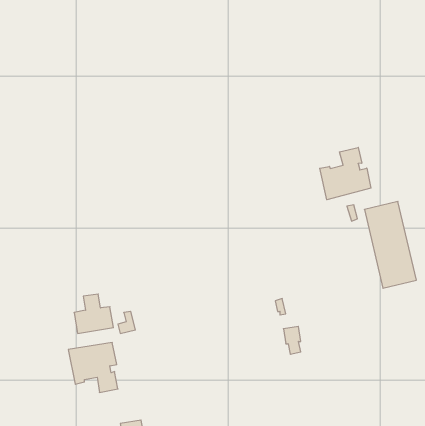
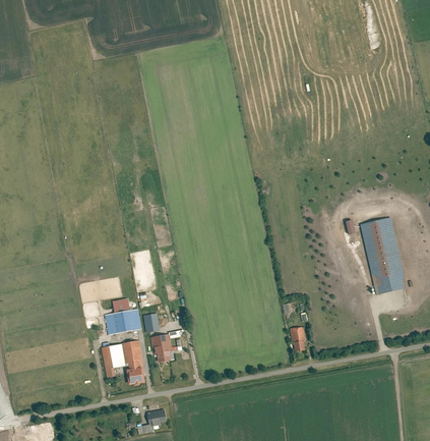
building: [320,147,371,200] -> none
building: none -> [150,330,184,362]

